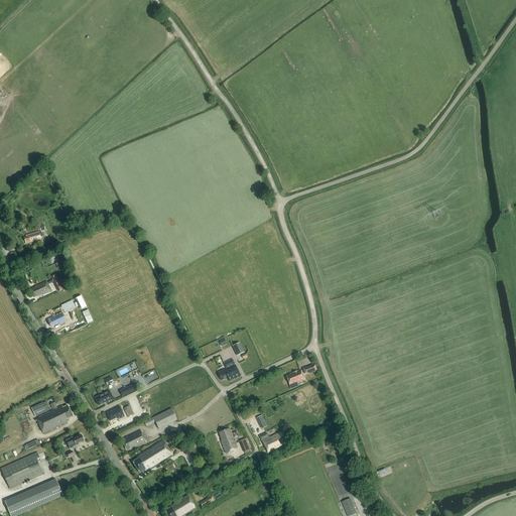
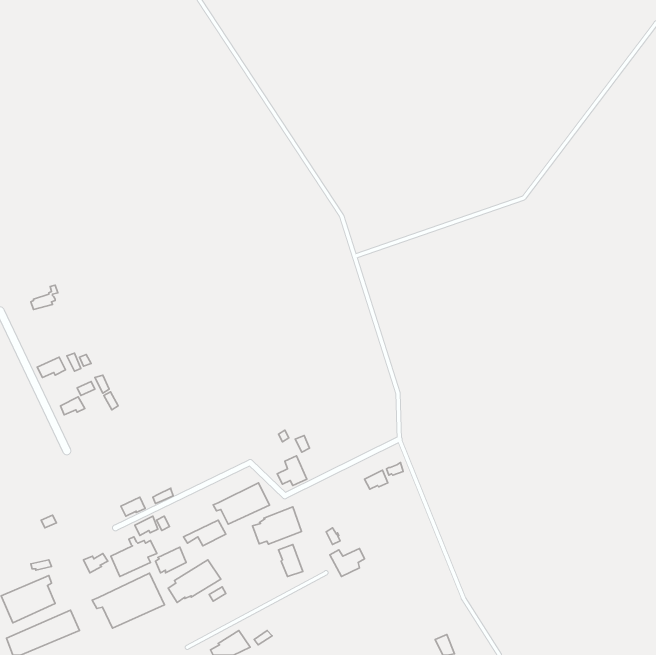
building: none -> [213,483,269,524]
building: none -> [252,507,302,544]
building: [36,402,73,433] -> [111,537,157,577]
building: none -> [92,573,165,628]

